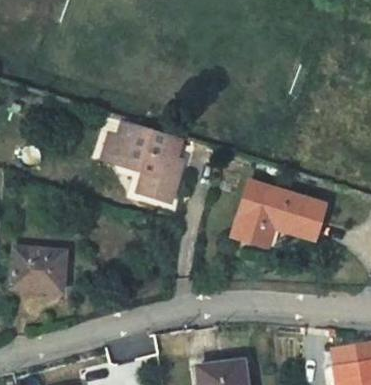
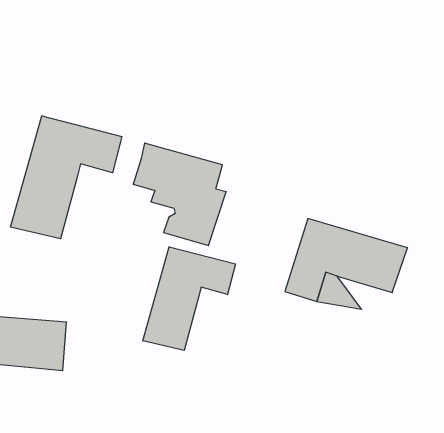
building: none -> [11,116,122,239]
building: none -> [143,247,235,350]

